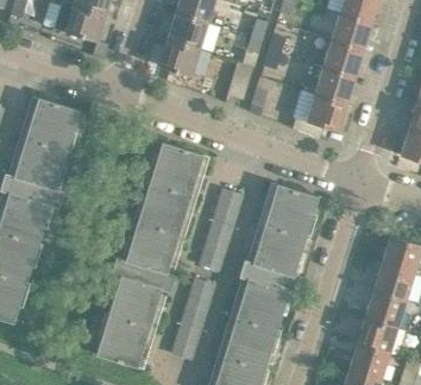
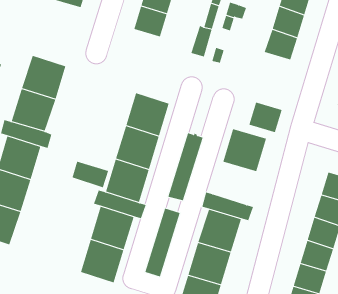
building: [306,94,346,131] -> [248,102,282,133]
building: none -> [72,161,109,188]
building: [253,223,306,274] -> none

